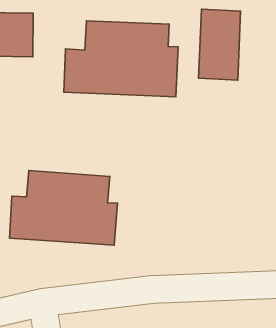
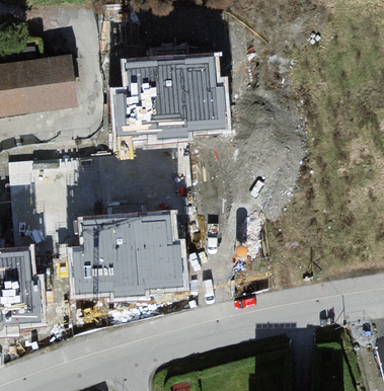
building: [198,9,241,80] -> none

